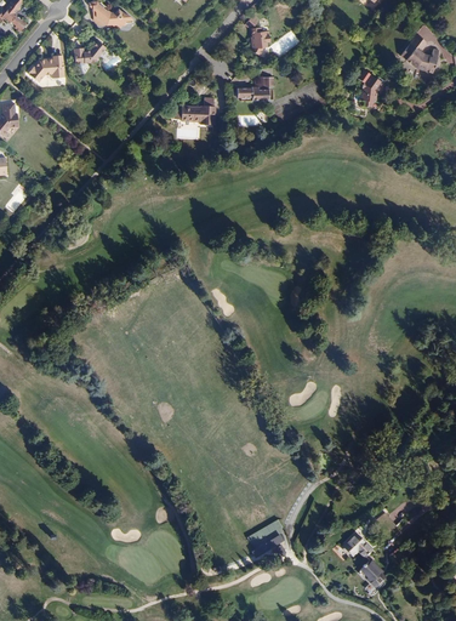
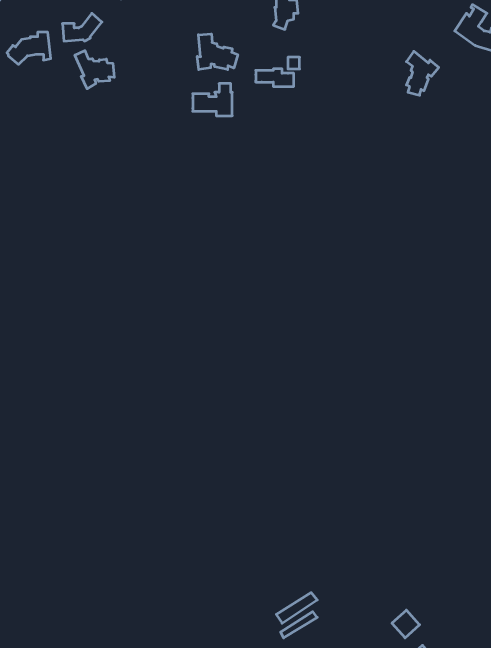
building: none -> [197,34,238,70]
building: none -> [75,51,114,89]

